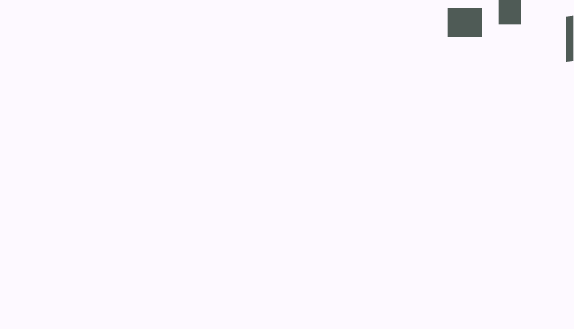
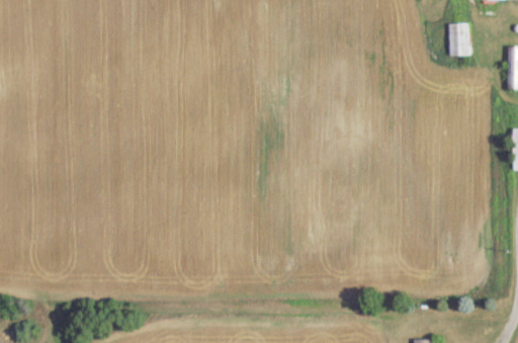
building: [447,7,483,38] -> none

